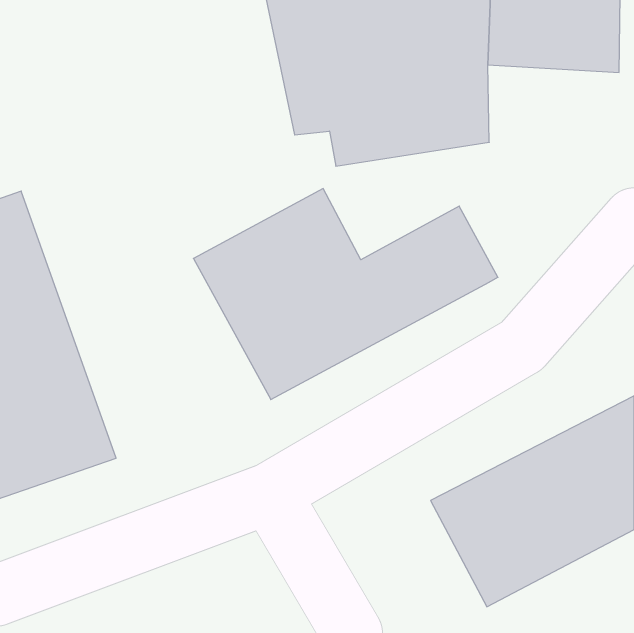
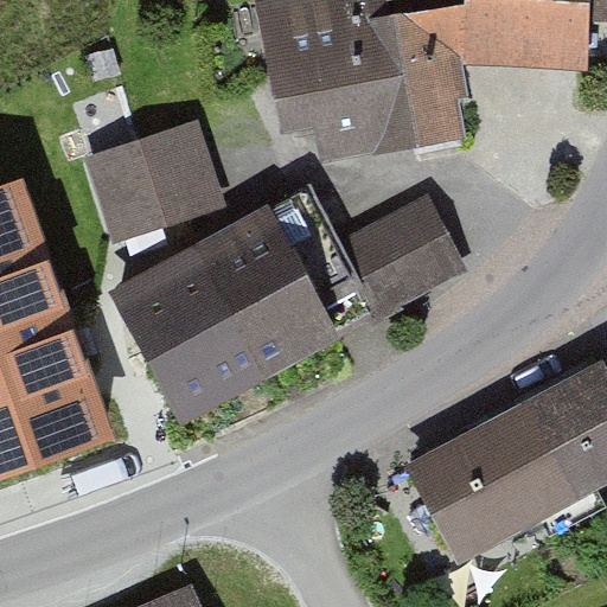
building: none -> [89,121,221,237]
building: none -> [107,245,257,421]

